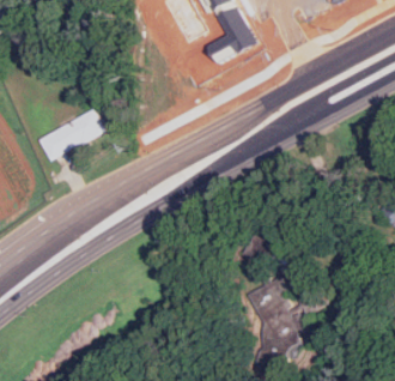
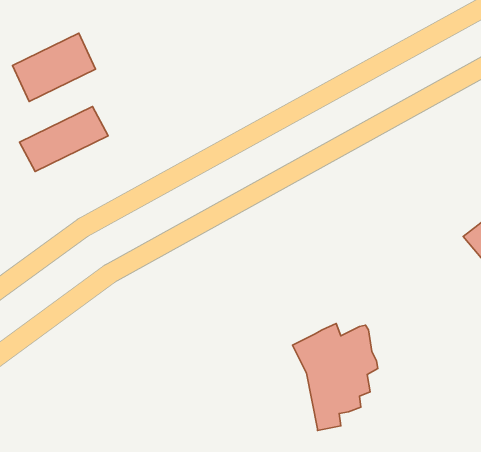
building: none -> [13,33,95,102]

